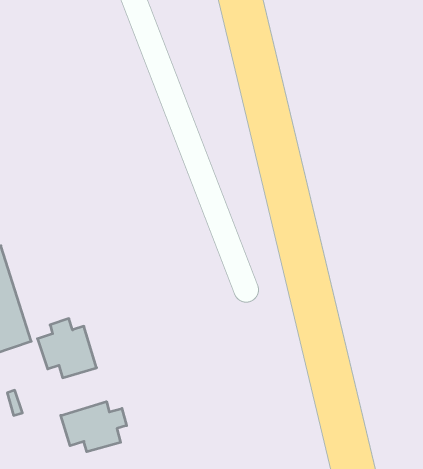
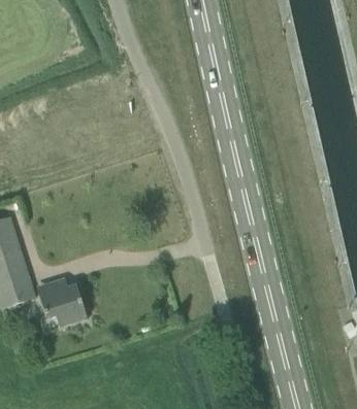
building: [61,402,127,452] -> none

